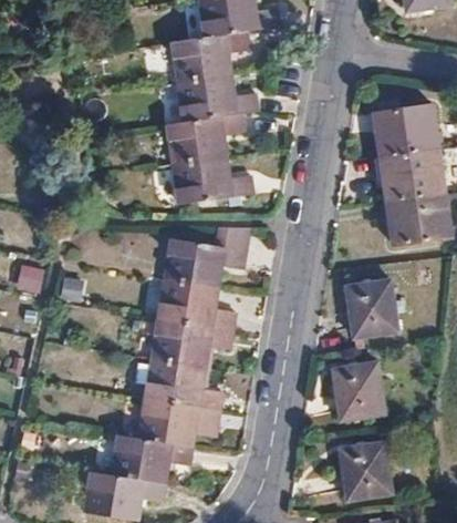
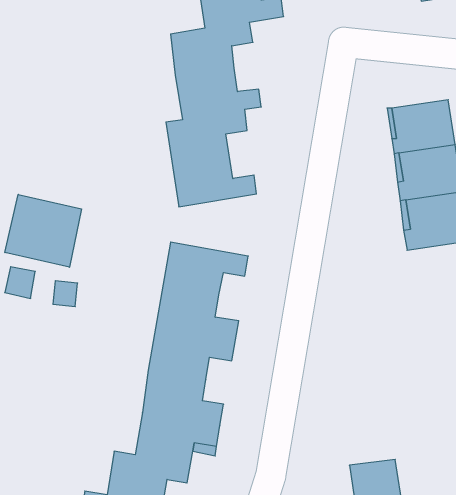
building: none -> [5,194,81,267]
building: [346,279,396,336] -> none
building: [333,362,382,419] -> none

